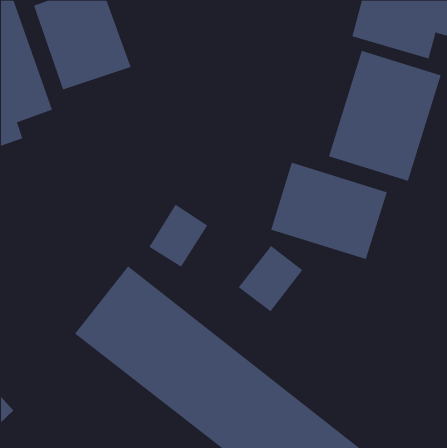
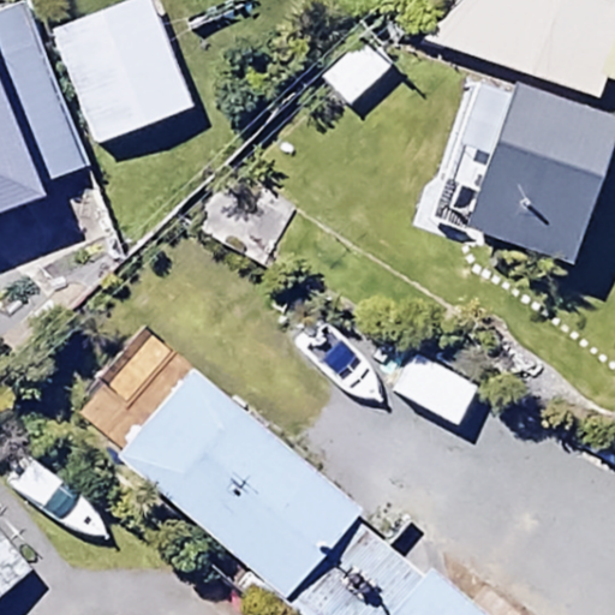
building: [270,162,387,260] -> none

